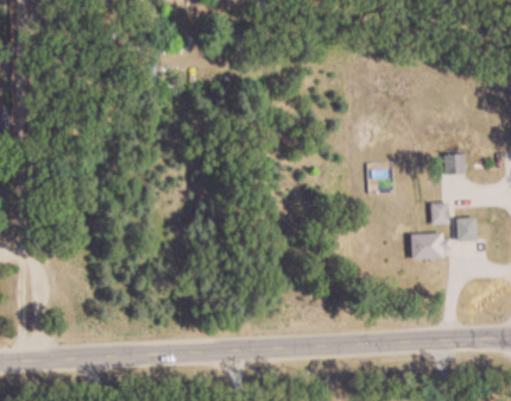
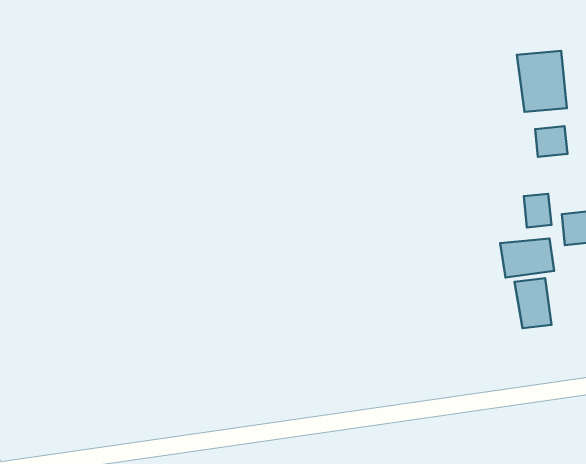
building: none -> [517,51,567,112]
building: none -> [515,278,551,328]

